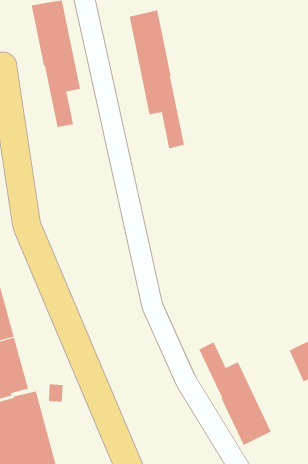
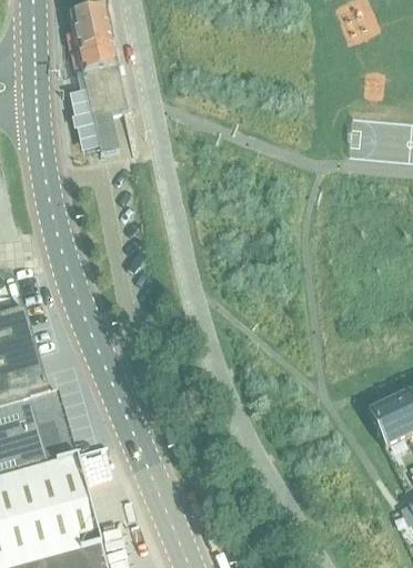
building: [129,9,184,149] -> none
building: [199,341,271,446] -> none

